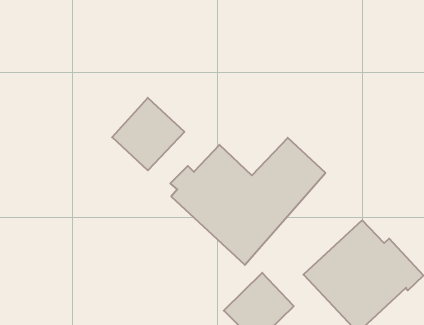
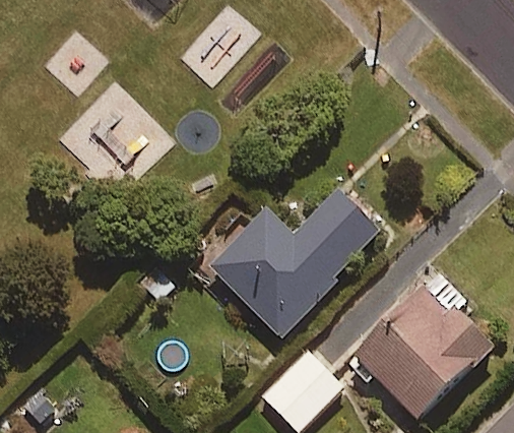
building: [112,98,184,170] -> none

